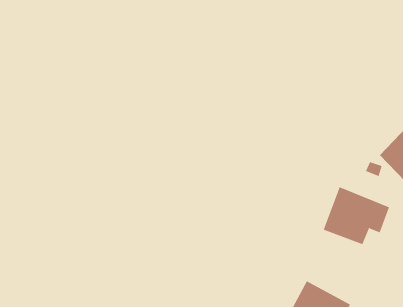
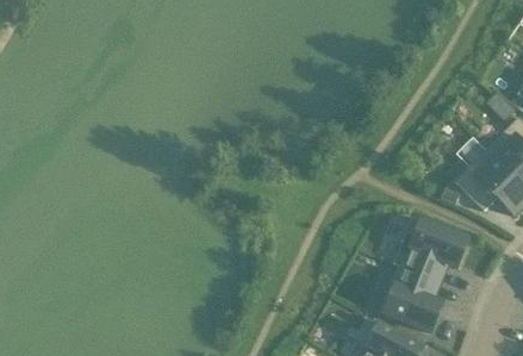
building: none -> [379,263,442,332]

